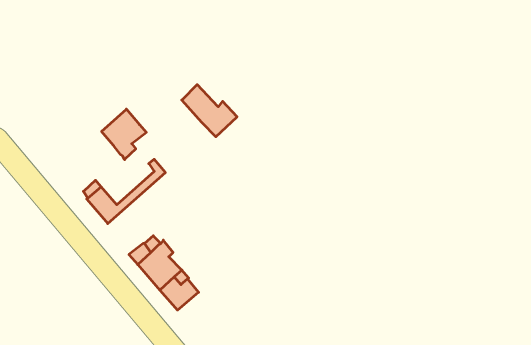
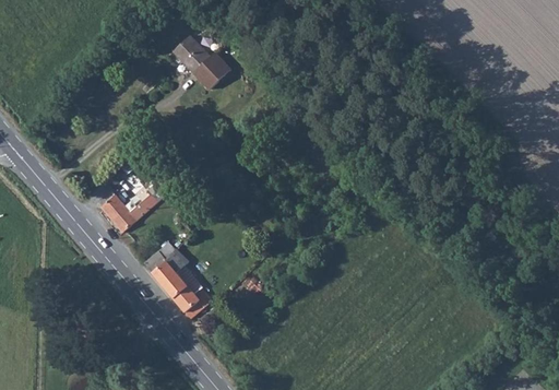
building: [182,85,237,137] -> [180,34,235,85]
building: [102,109,146,160] -> none

